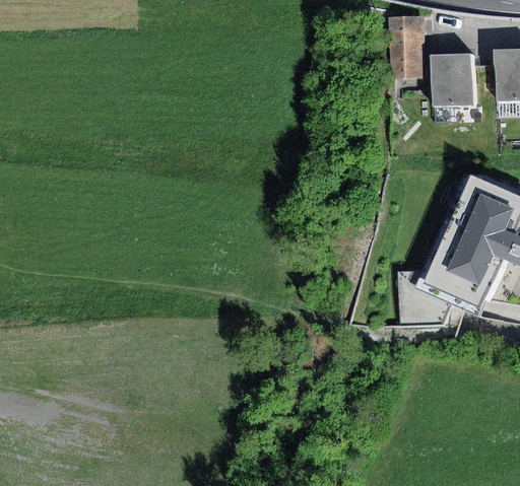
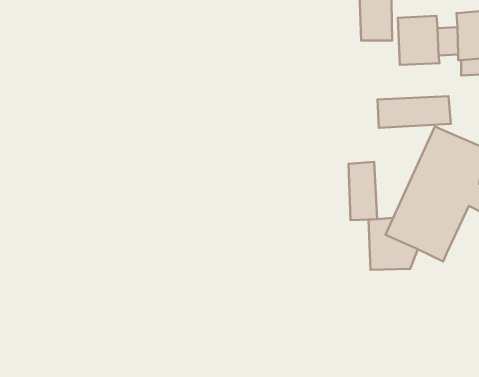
building: none -> [377,96,451,128]
building: none -> [349,162,377,220]

